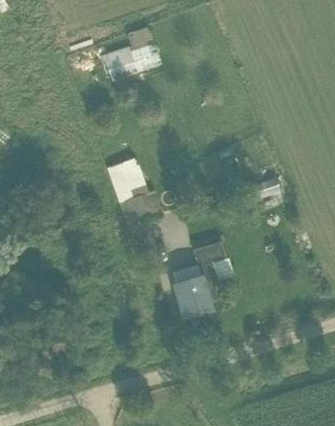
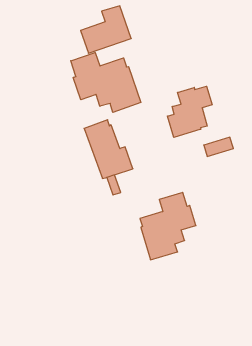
building: none -> [71,52,141,112]
building: none -> [167,86,212,137]

